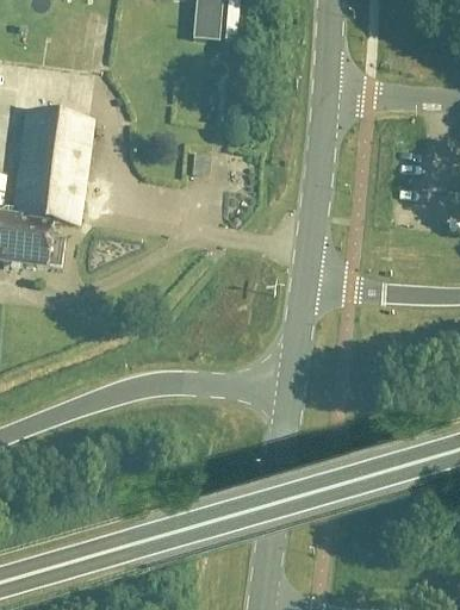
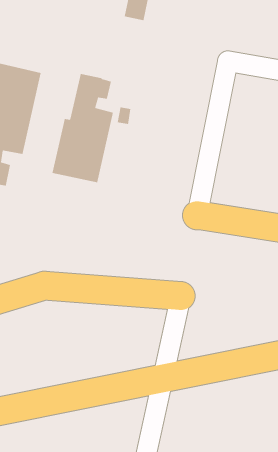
building: none -> [52,73,113,183]

